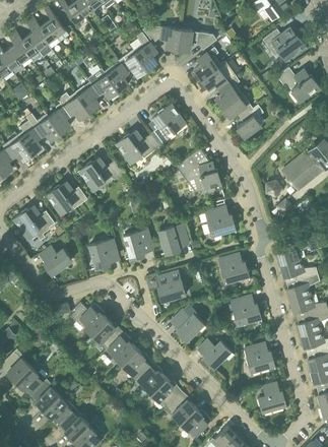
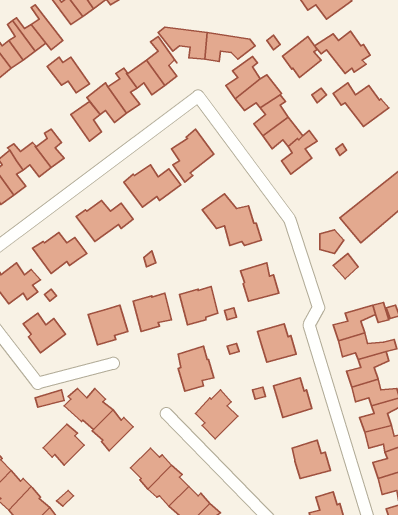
building: none -> [283,37,321,78]
building: [57,92,89,120] -> [47,57,89,93]
building: [105,332,136,364] -> [43,424,84,465]
building: [197,339,231,368] -> none

